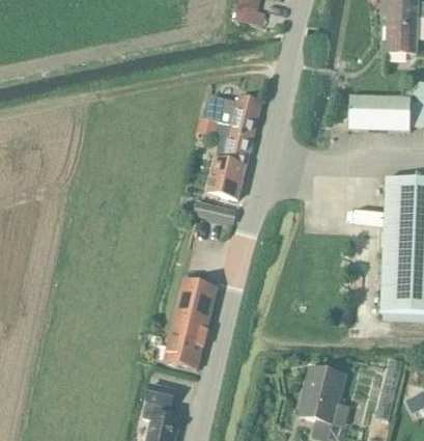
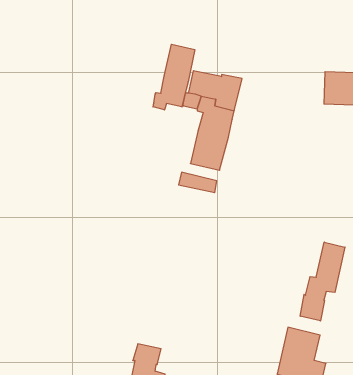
building: none -> [153,44,195,110]
building: none -> [300,242,345,321]
building: [165,278,218,368] -> none

